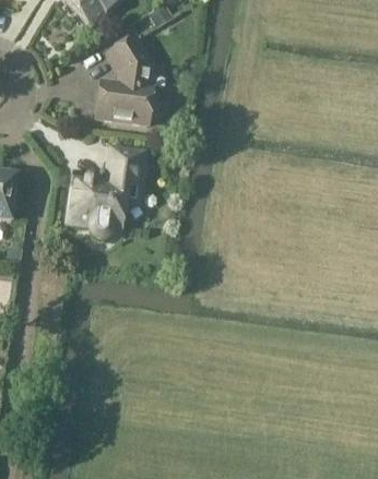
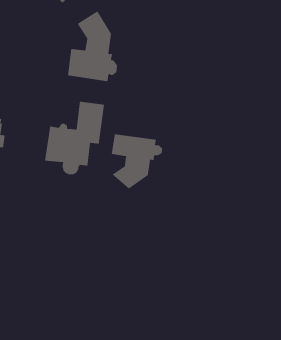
building: none -> [111,133,163,189]

